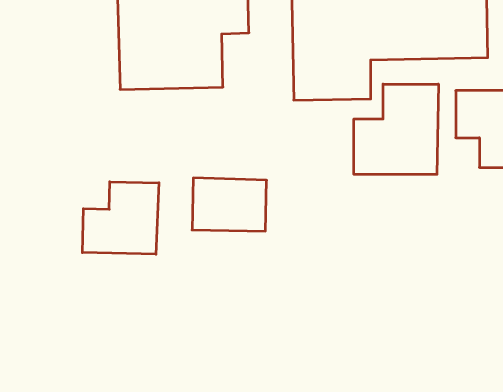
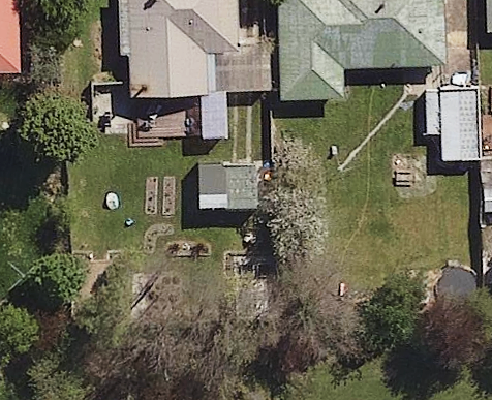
building: [354,84,438,174] -> none
building: [82,182,159,254] -> none

